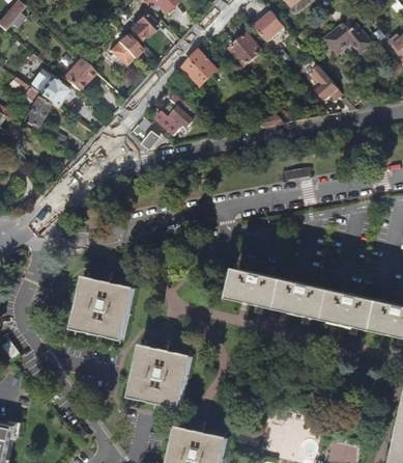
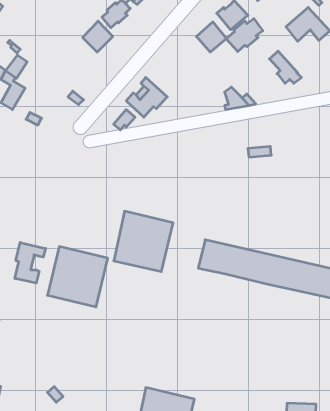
building: none -> [226,19,263,52]
building: [182,52,217,87] -> none
building: [60,59,93,91] -> none
building: [37,78,67,108] -> none
building: none -> [15,242,46,283]
building: [128,344,192,408] -> [114,211,173,272]

